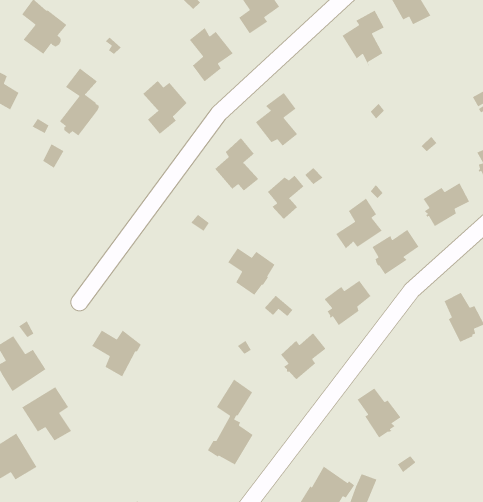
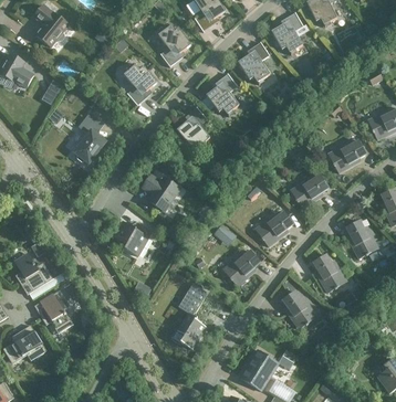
building: none -> [237,41,269,84]
building: [59,68,99,137] -> [73,112,103,162]
building: [267,173,305,221] -> none
building: [335,197,383,251] -> none
building: [225,242,276,296] -> [140,170,178,210]
building: [91,330,142,378] -> [114,220,152,255]
building: none -> [312,253,344,292]

